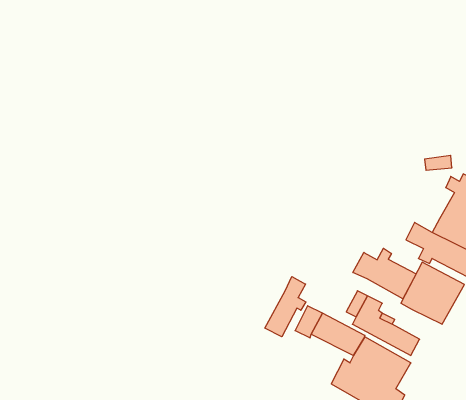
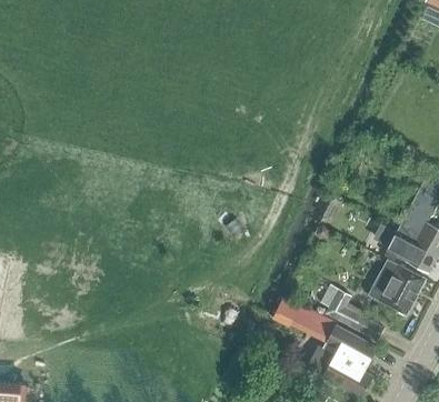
building: [353,248,416,299] -> none
building: [265,277,306,337] -> none

